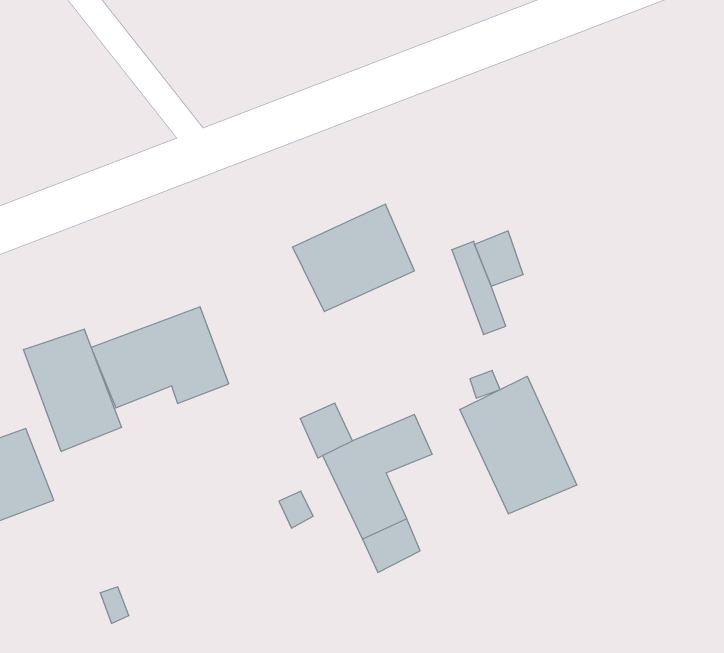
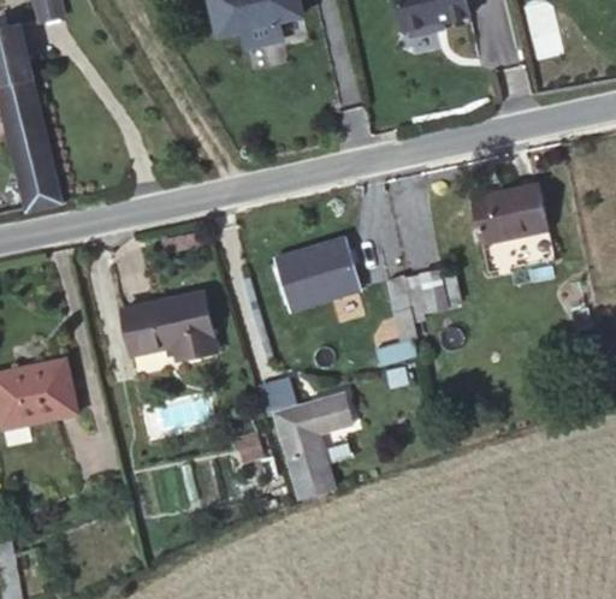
building: none -> [472,184,546,243]
building: [23,329,121,452] -> none
building: [460,376,577,514] -> none

